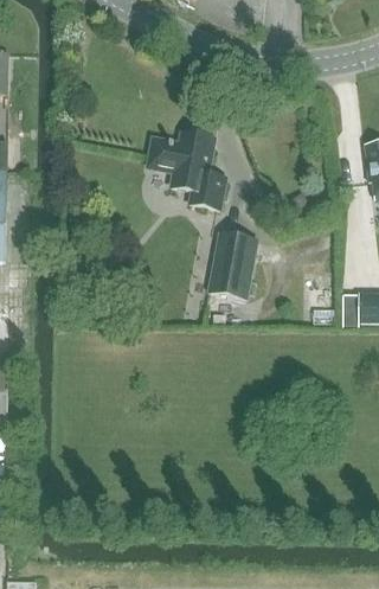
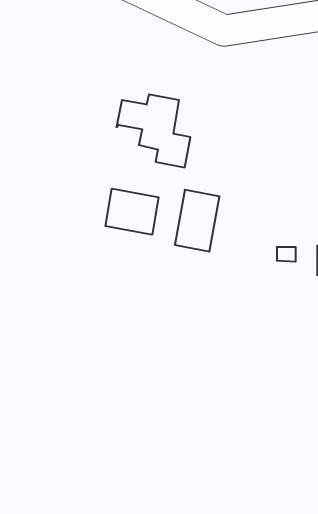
building: none -> [105,189,159,235]

